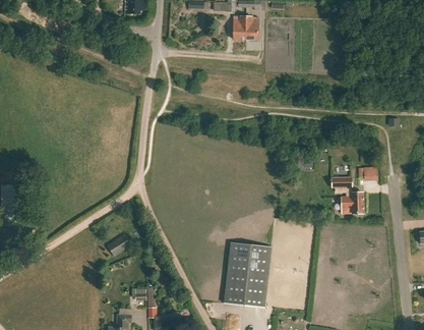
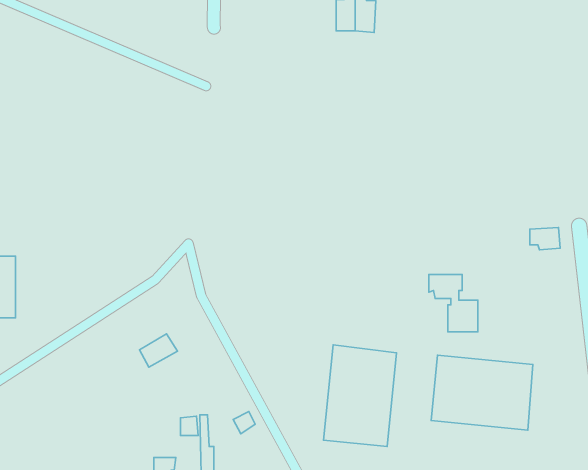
building: [330,176,362,213] -> [429,275,478,332]
building: none -> [431,355,533,430]

